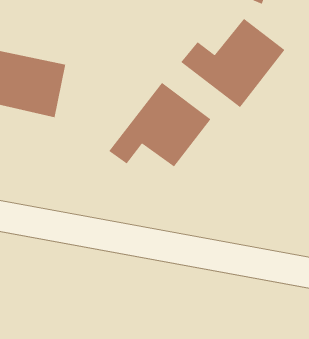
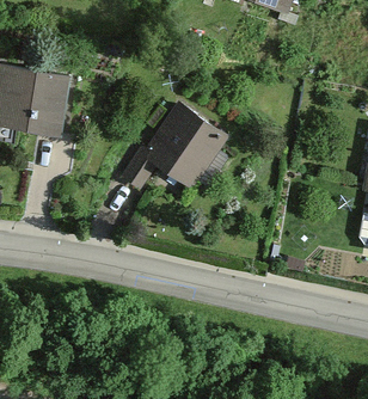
building: [180,18,286,108] -> none

